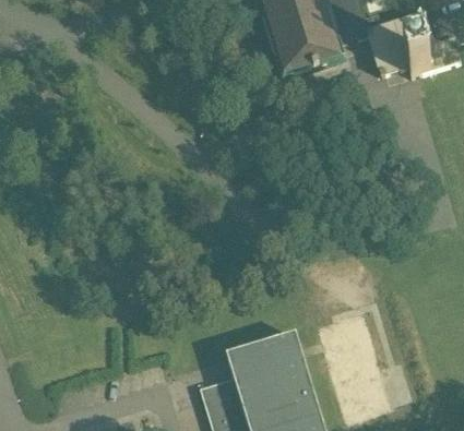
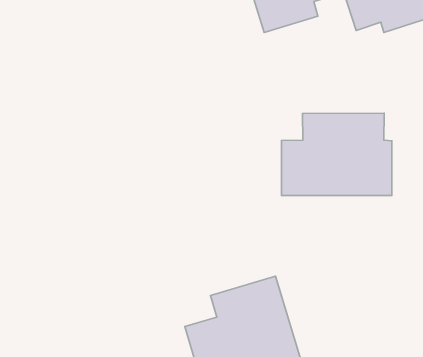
building: none -> [282,113,392,196]

